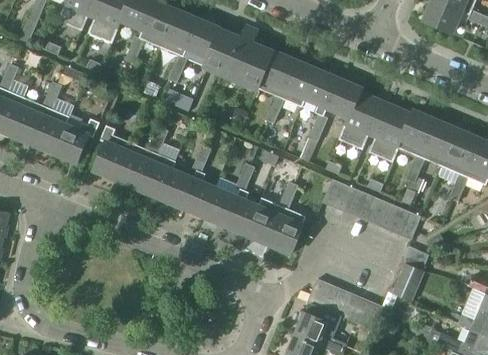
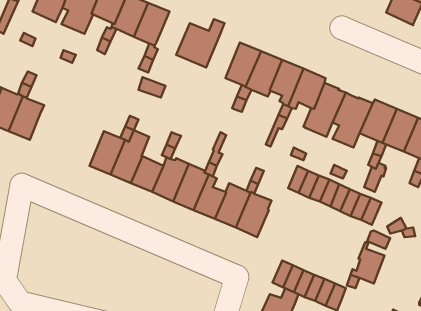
building: [186,19,221,64] -> none
building: [237,44,272,86] -> none
building: [54,117,99,161] -> none
building: [94,124,131,179] -> none

